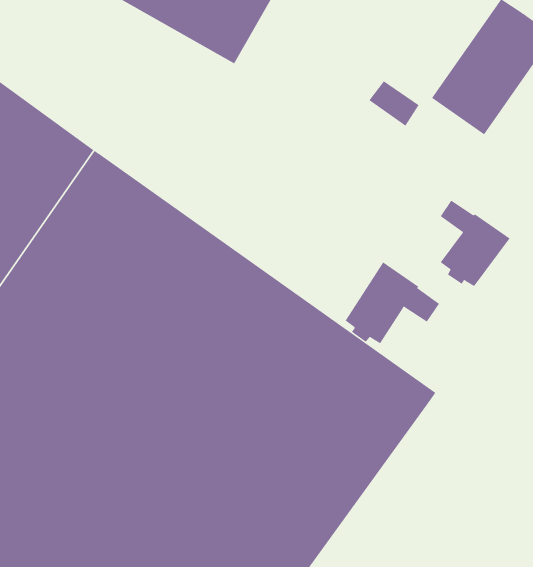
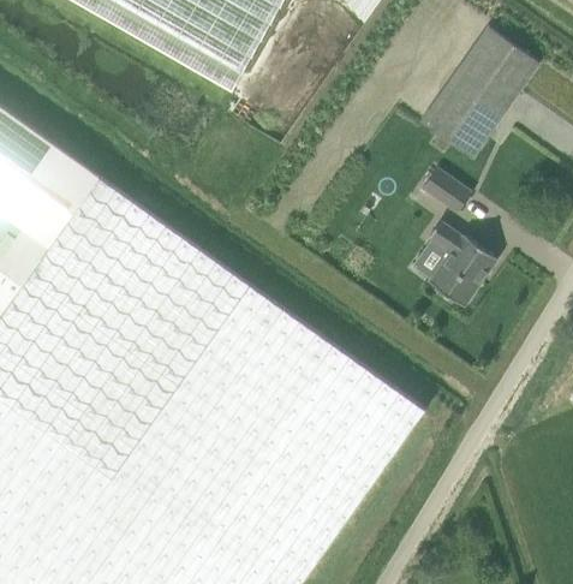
building: [369,80,420,126] -> [420,168,470,213]
building: [345,261,440,344] -> none

